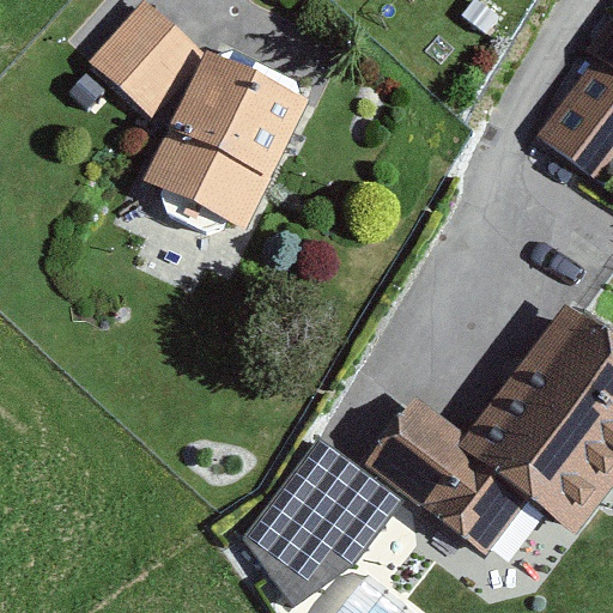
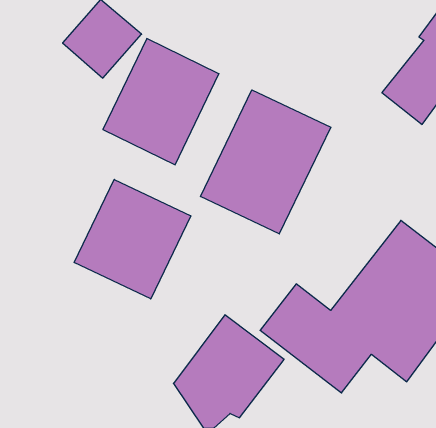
building: none -> [201,90,331,234]
building: none -> [74,179,191,299]

